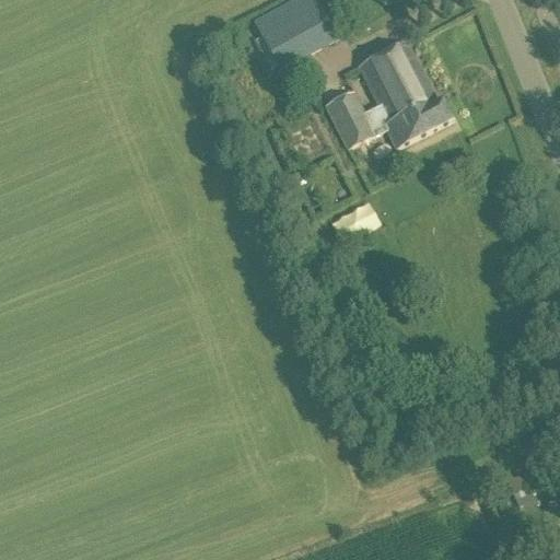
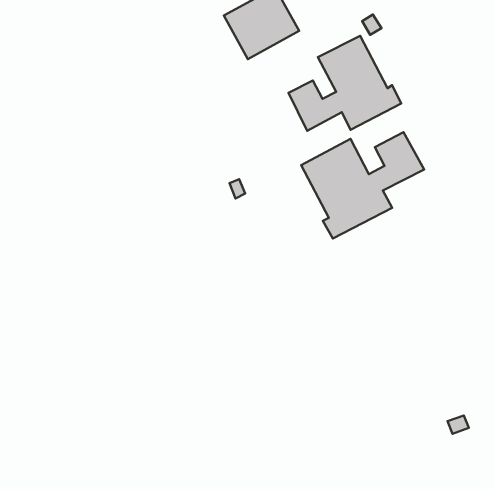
building: none -> [301,132,424,239]

